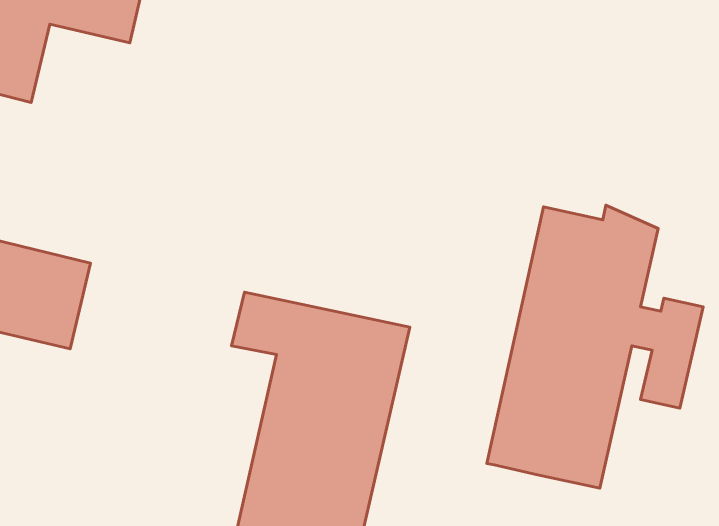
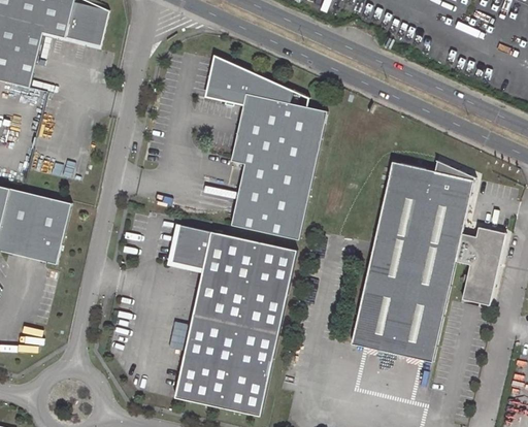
building: none -> [204,55,326,238]

